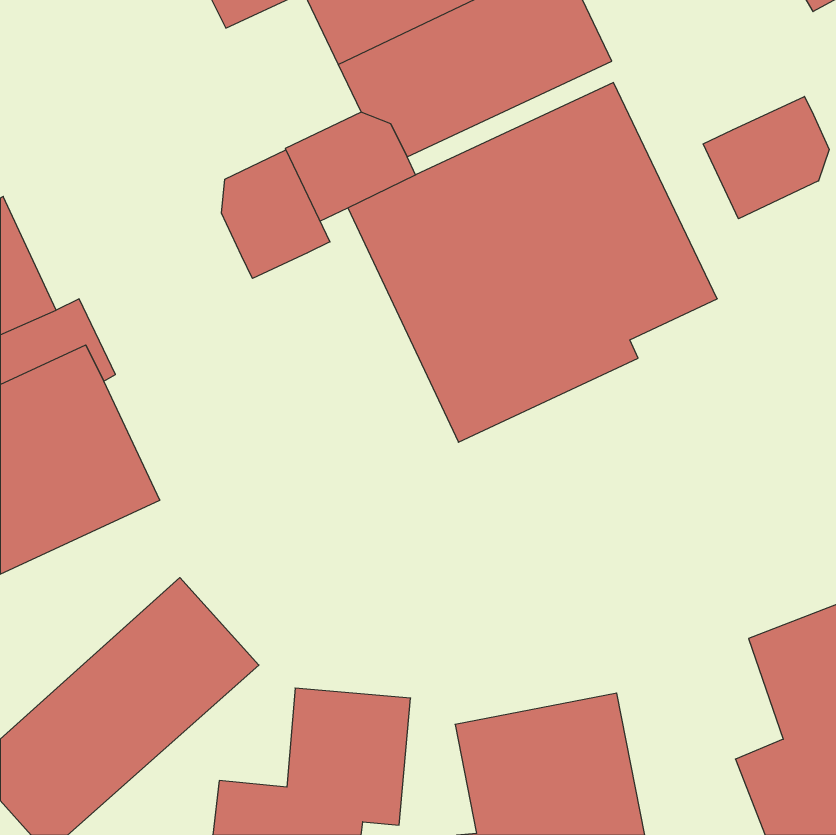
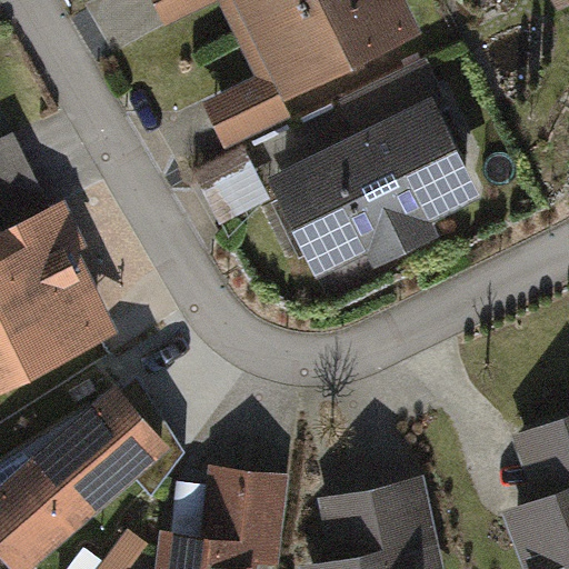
building: [703,96,829,219] -> none
building: [222,150,330,278] -> none

